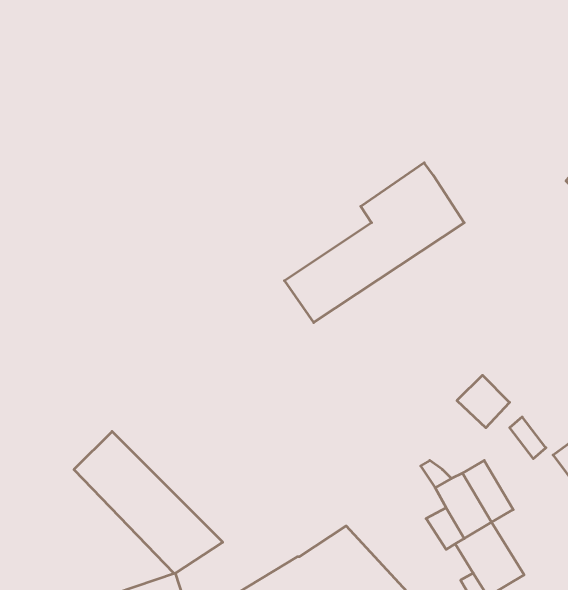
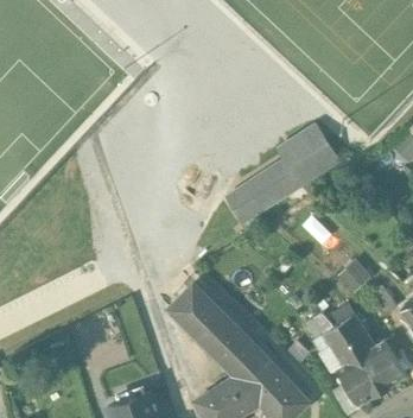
building: [74,431,223,573] -> [169,285,266,378]
building: none -> [361,341,406,390]

